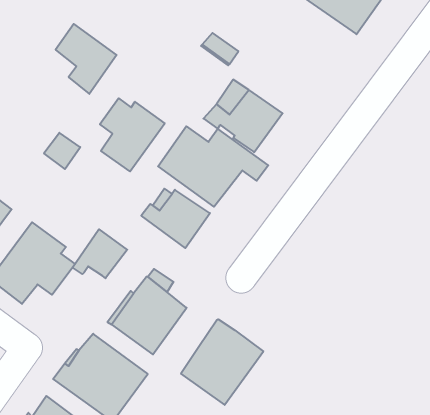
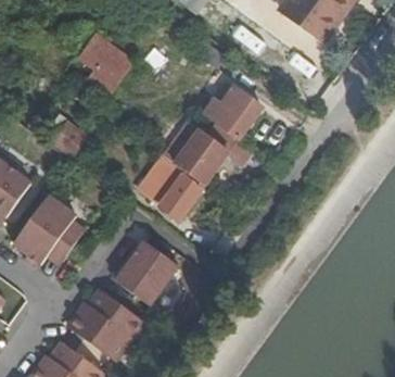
building: [100,98,165,171] -> none
building: [72,229,127,278] -> none
building: [181,319,263,405] -> none

